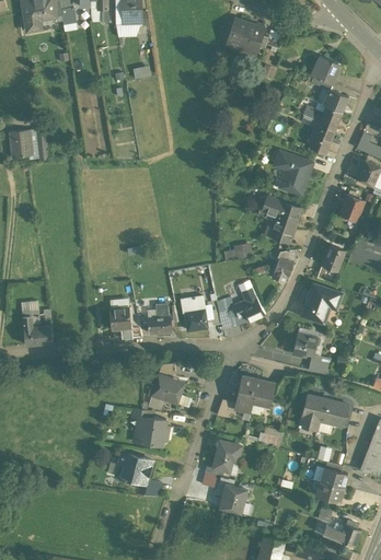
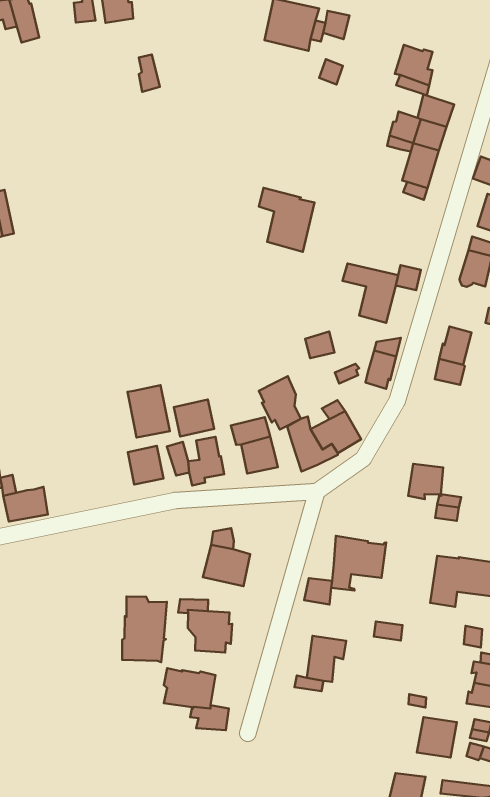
building: [275,150,312,195] -> [259,188,315,252]
building: none -> [127,385,170,438]
building: none -> [259,376,301,430]
building: none -> [174,399,214,436]
building: [302,284,342,322] -> none
building: none -> [122,597,167,662]
building: [219,486,247,514] -> [417,717,457,757]

